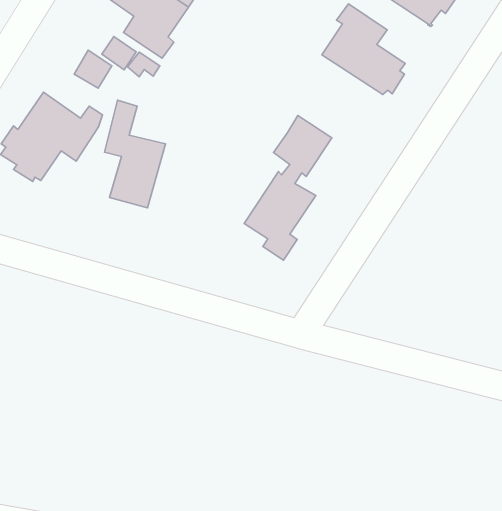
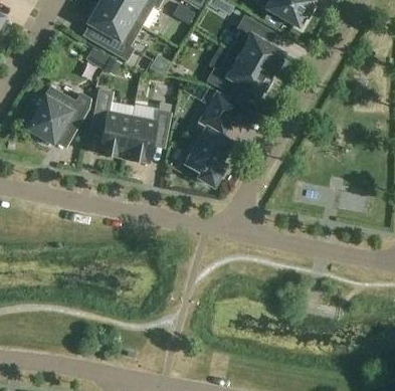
building: none -> [208,50,272,95]
building: none -> [124,111,171,162]

